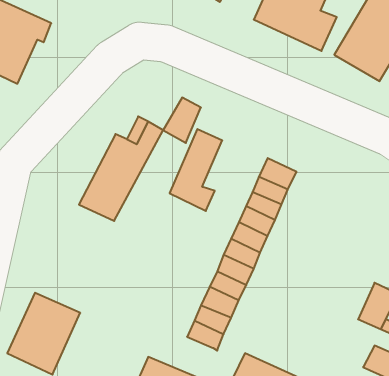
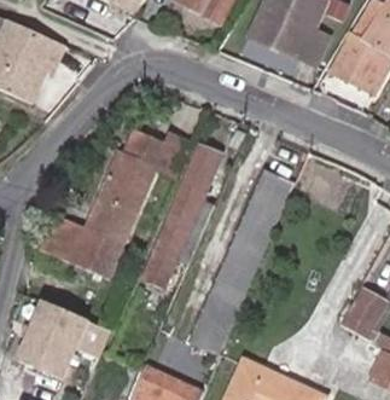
building: none -> [145,205,206,280]
building: none -> [37,214,118,269]

